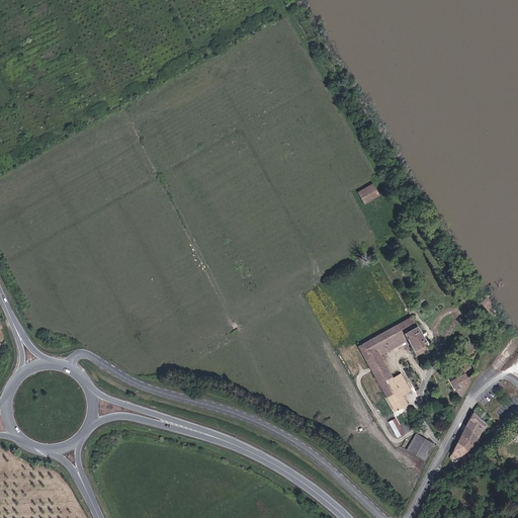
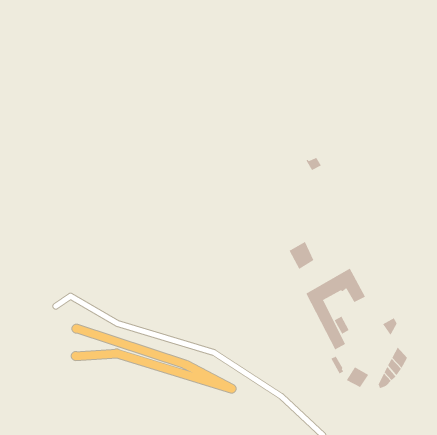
building: none -> [289,241,314,270]

